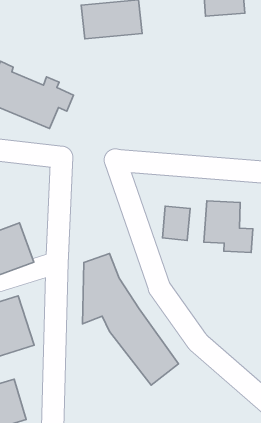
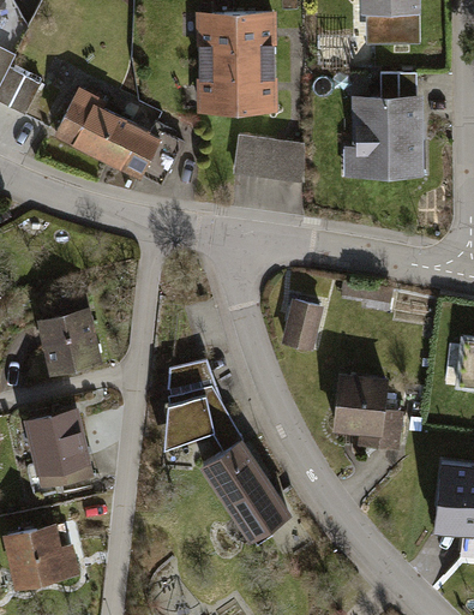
building: none -> [344,71,425,177]
building: none -> [197,61,277,109]
building: none -> [230,132,306,183]
building: [204,201,253,253] -> [332,374,401,449]

